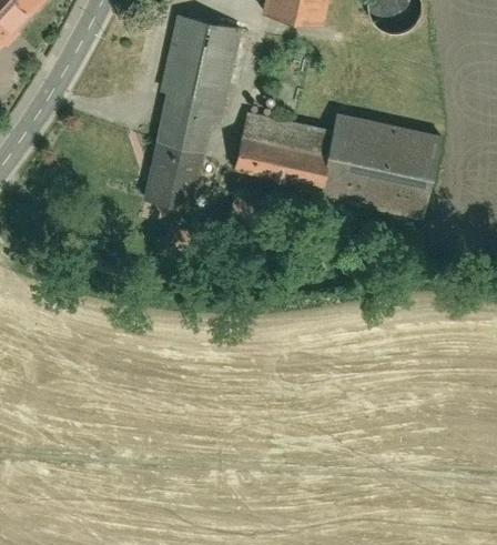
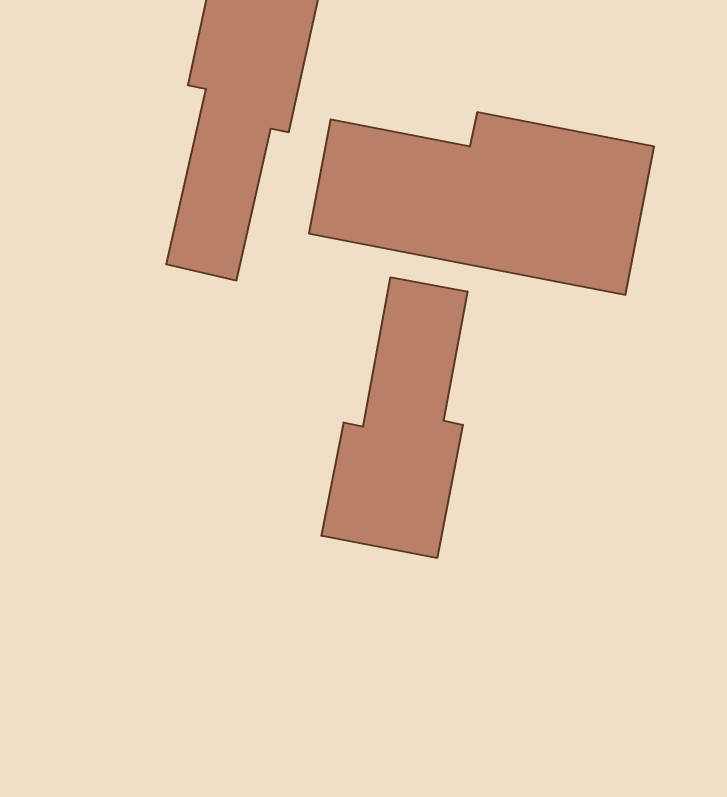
building: none -> [321,277,467,558]

